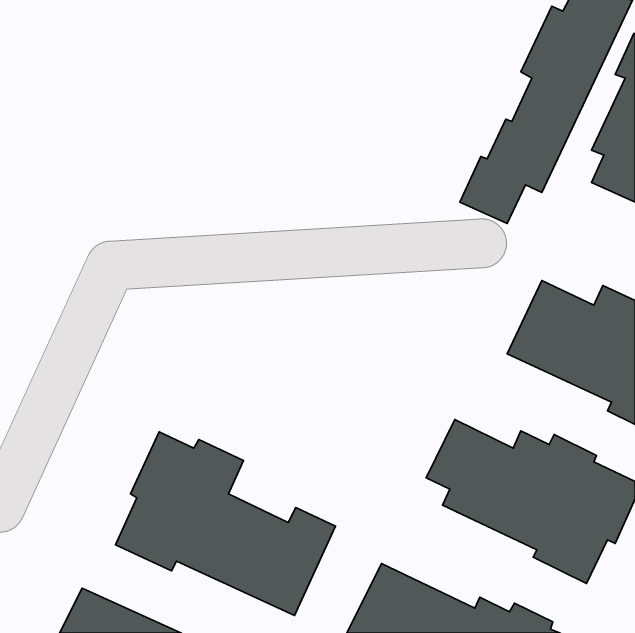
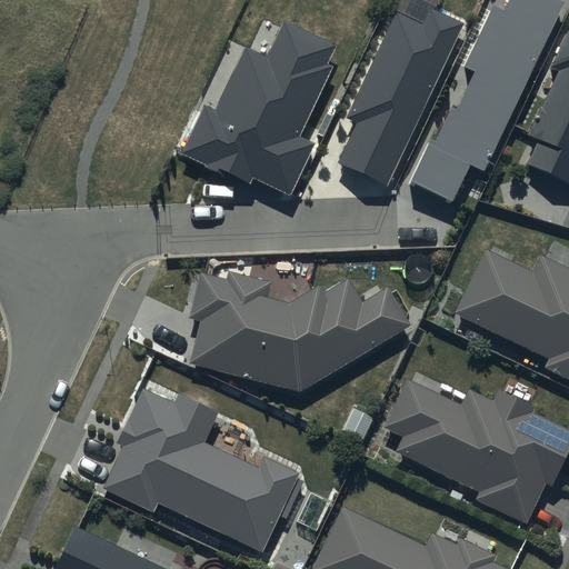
building: none -> [339,7,465,184]
building: none -> [181,20,336,194]
building: none -> [188,272,409,392]

